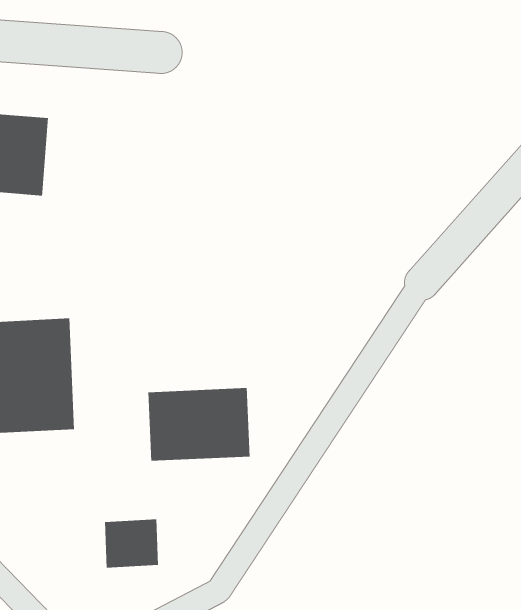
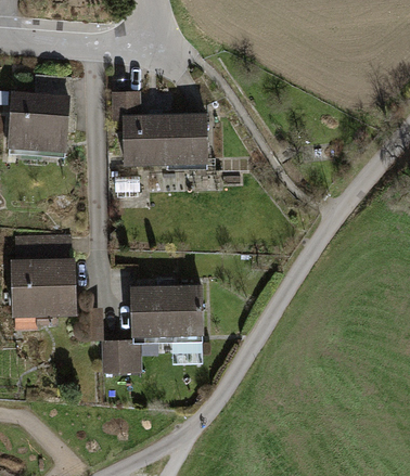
building: none -> [121,114,203,166]
building: [104,519,159,569] -> [99,334,138,370]

